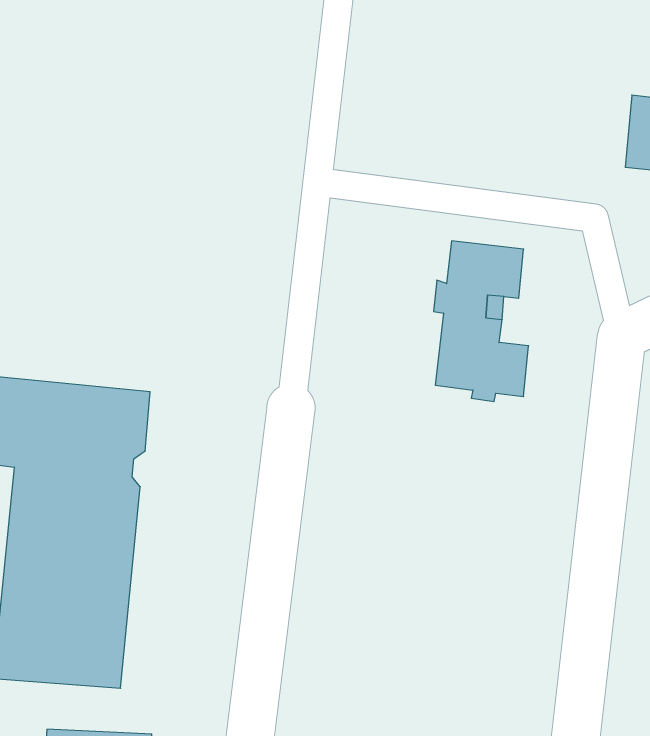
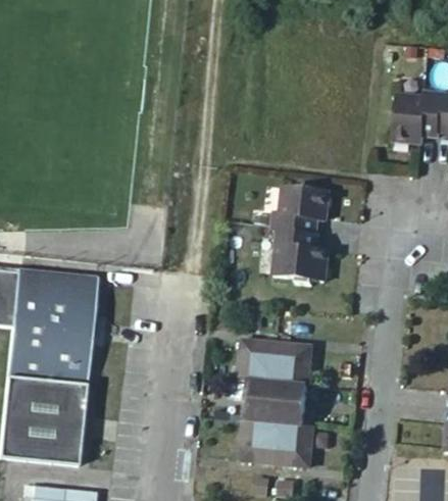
building: none -> [239,339,314,466]

